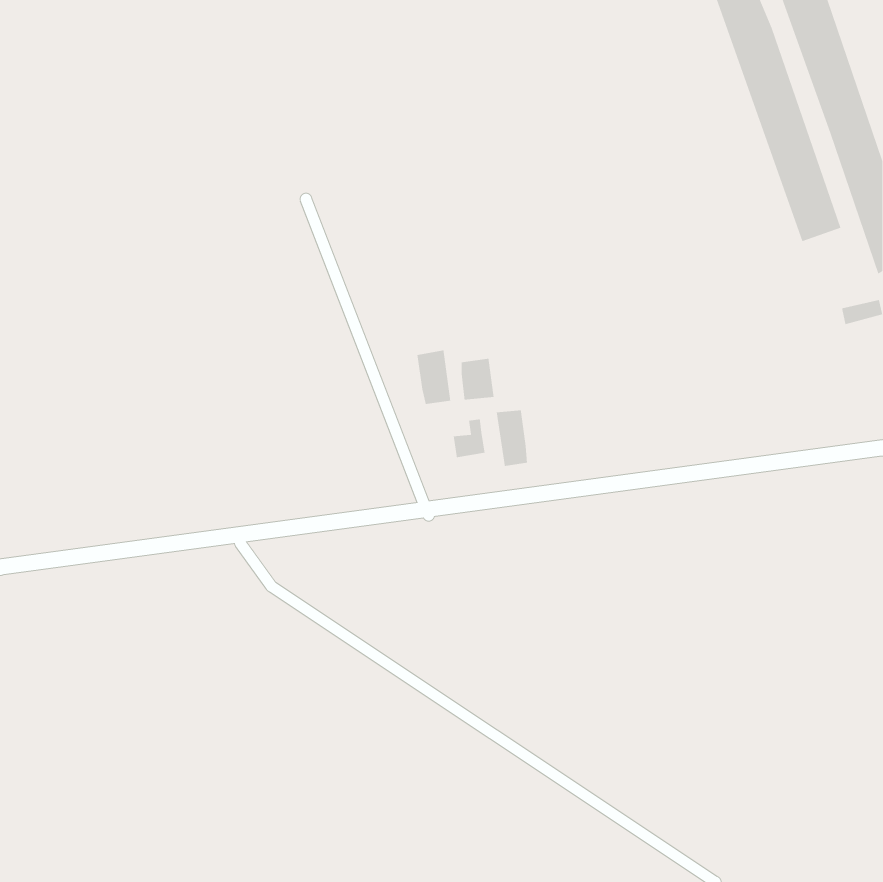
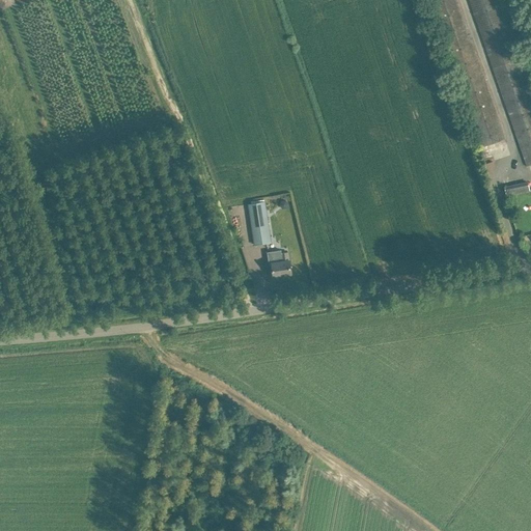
building: [461,358,494,400] -> none
building: [496,409,528,467] -> none

